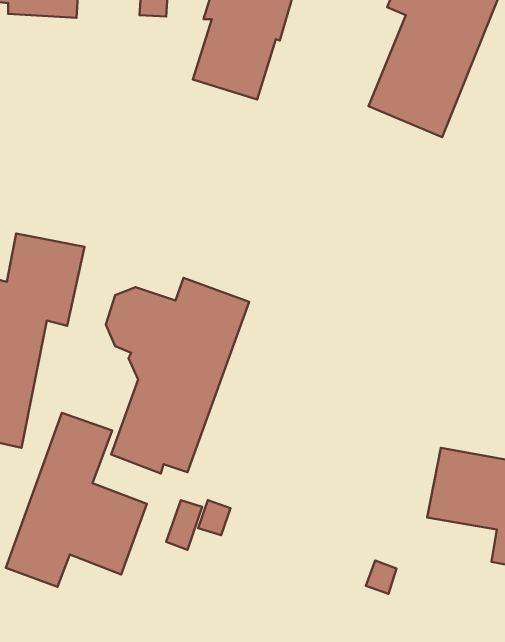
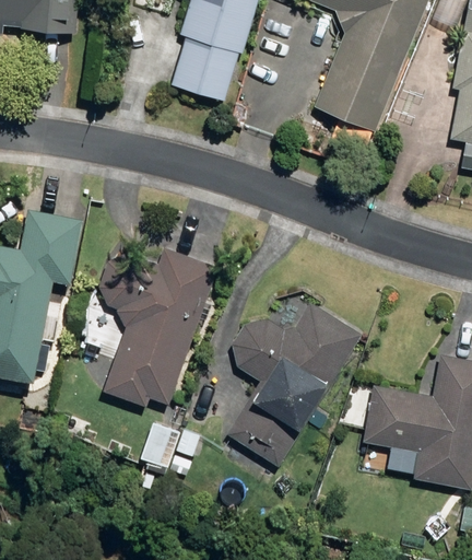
building: none -> [227,302,362,467]
building: [6,413,147,587] -> none

